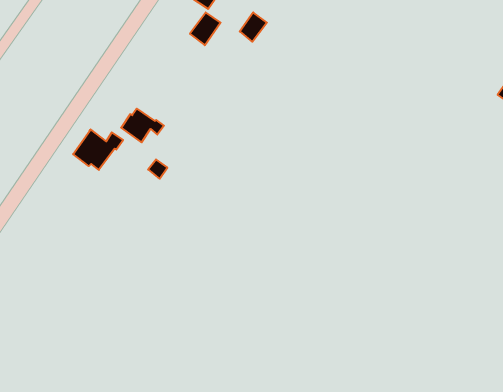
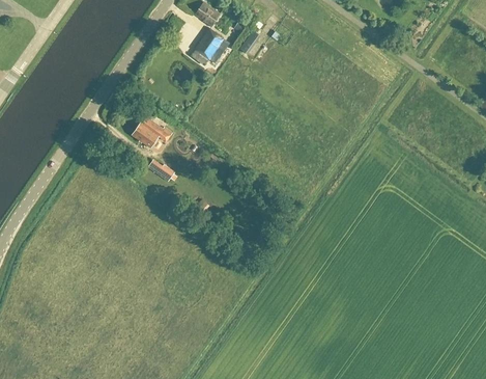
building: [73,129,123,170] -> none

